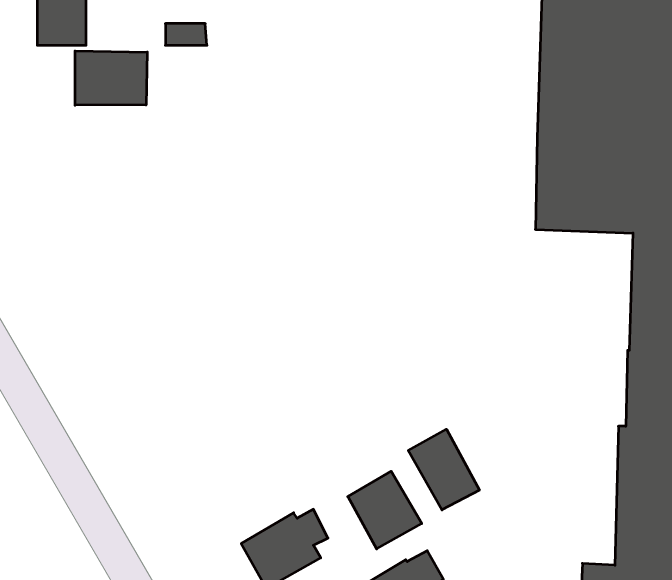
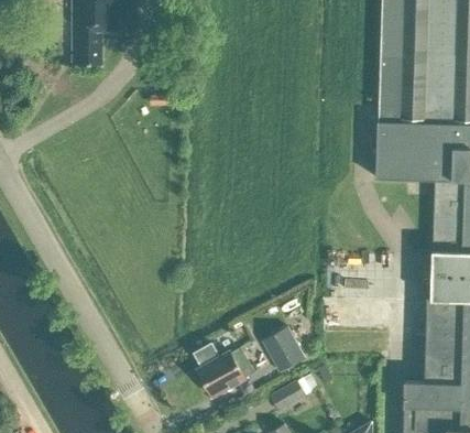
building: [75,51,147,105] -> none
building: [408,429,479,510] -> none

